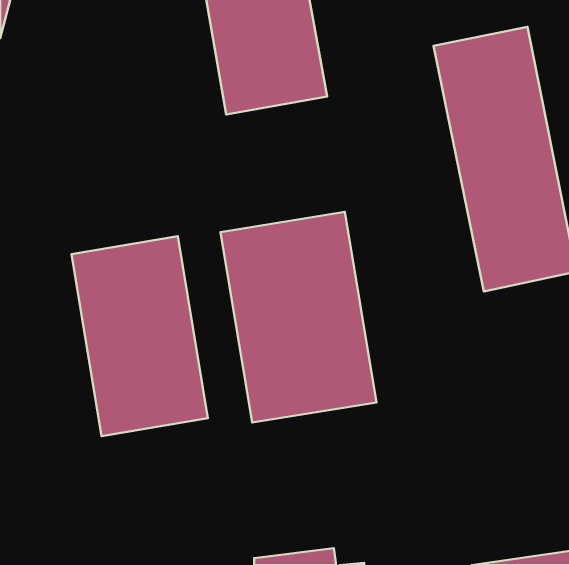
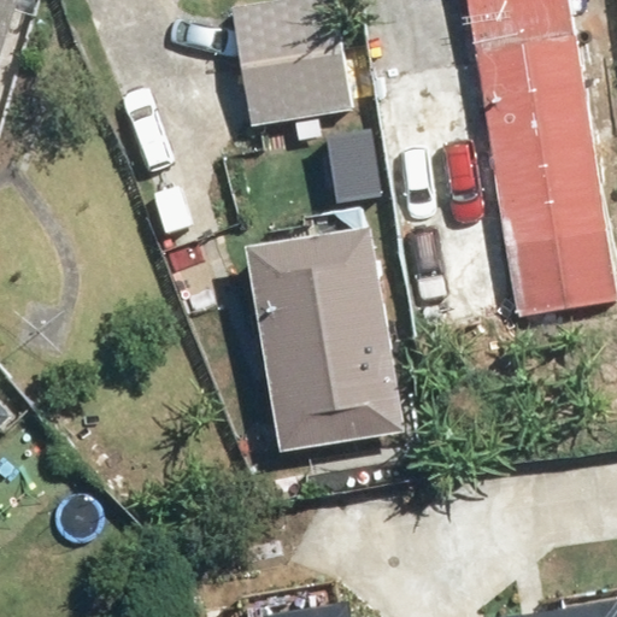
building: [71,236,208,436] -> none

